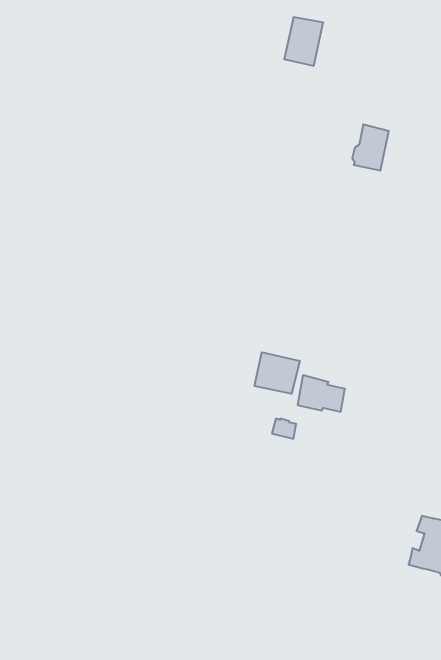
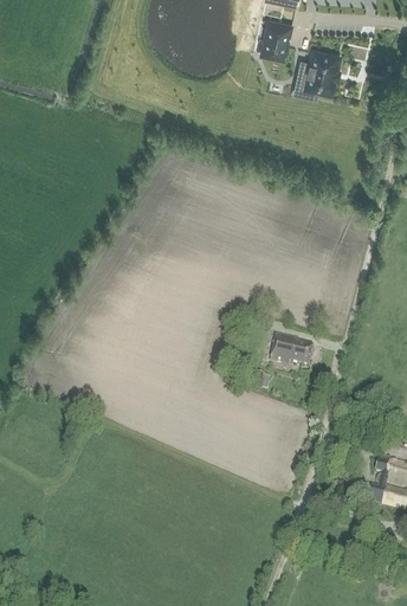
building: [352,124,389,170] -> [304,51,336,91]
building: [255,352,300,394] -> none

